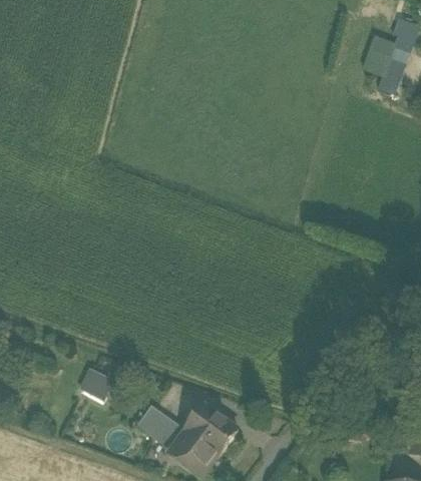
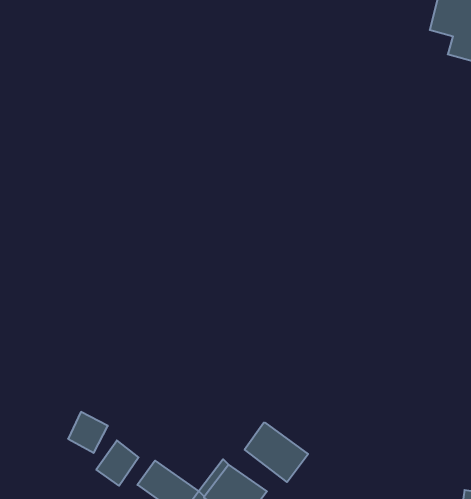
building: none -> [245,423,308,482]
building: none -> [96,440,139,486]

